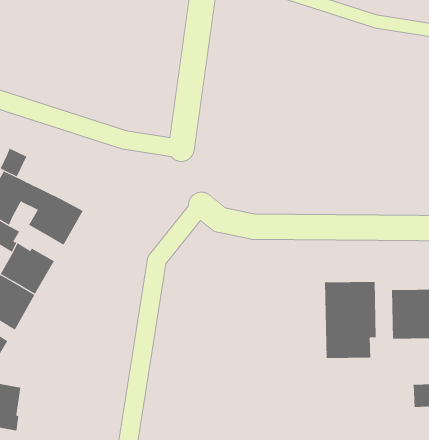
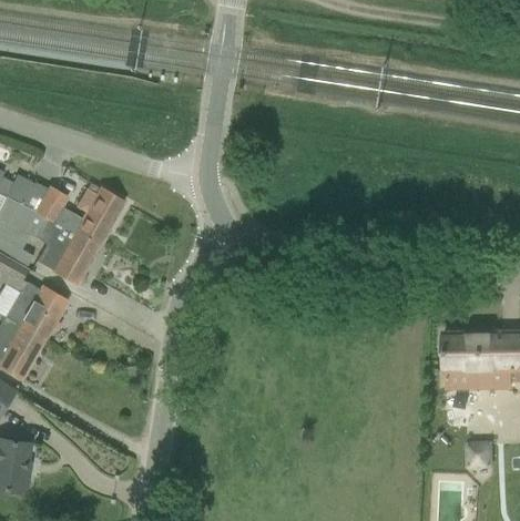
building: none -> [35,186,124,244]
building: [325,281,376,359] -> none

